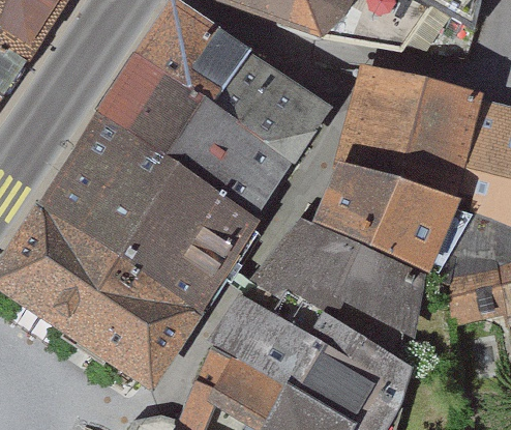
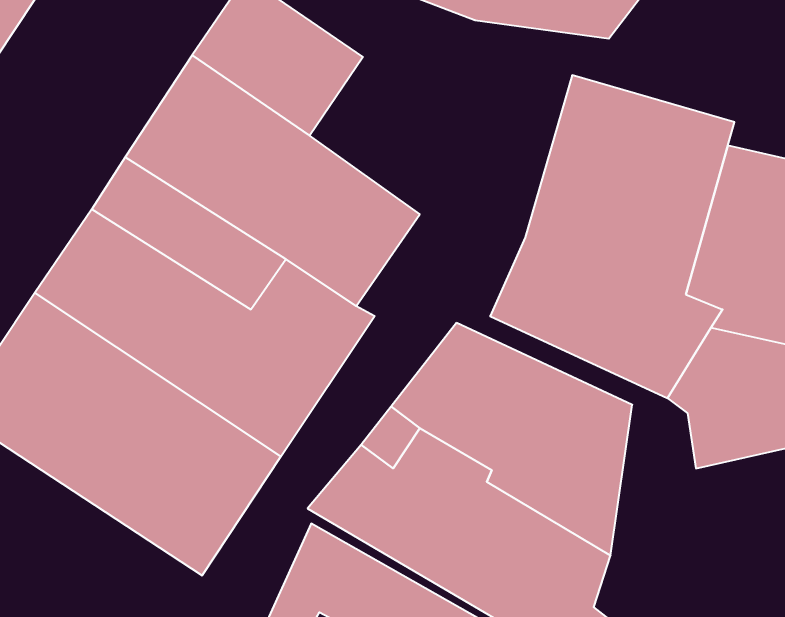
building: [212,54,320,156] -> none

